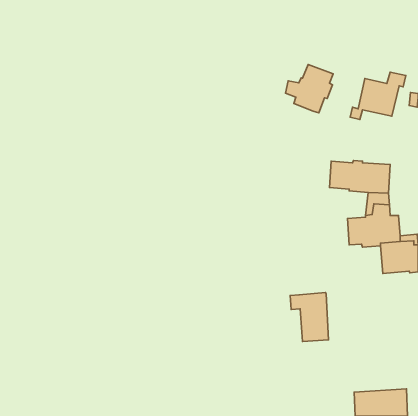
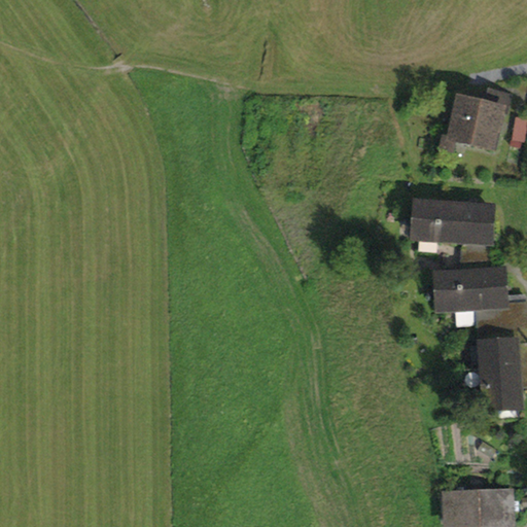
building: [286,65,333,113] -> none
building: [290,292,329,341] -> [470,341,519,402]

